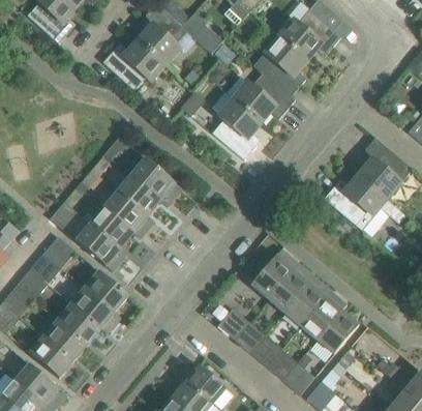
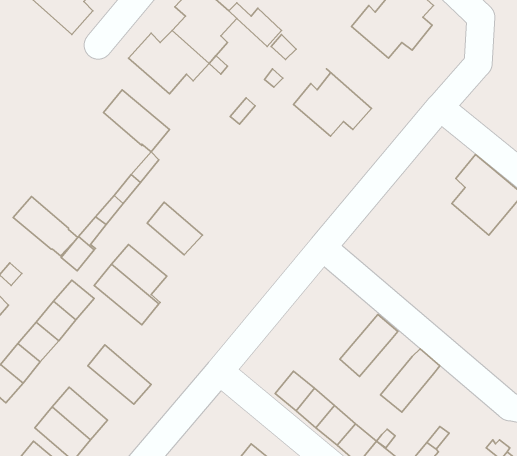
building: [258,37,306,101] -> none
building: [212,98,261,159] -> none
building: [130,157,182,206] -> [104,90,170,152]
building: [324,176,400,229] -> none
building: [102,192,153,238] -> [13,196,78,256]
building: [251,248,298,298] -> none
building: [84,269,128,318] -> none
building: [283,276,331,326] -> none
building: [56,303,100,346] -> none
building: [317,310,359,354] -> none

